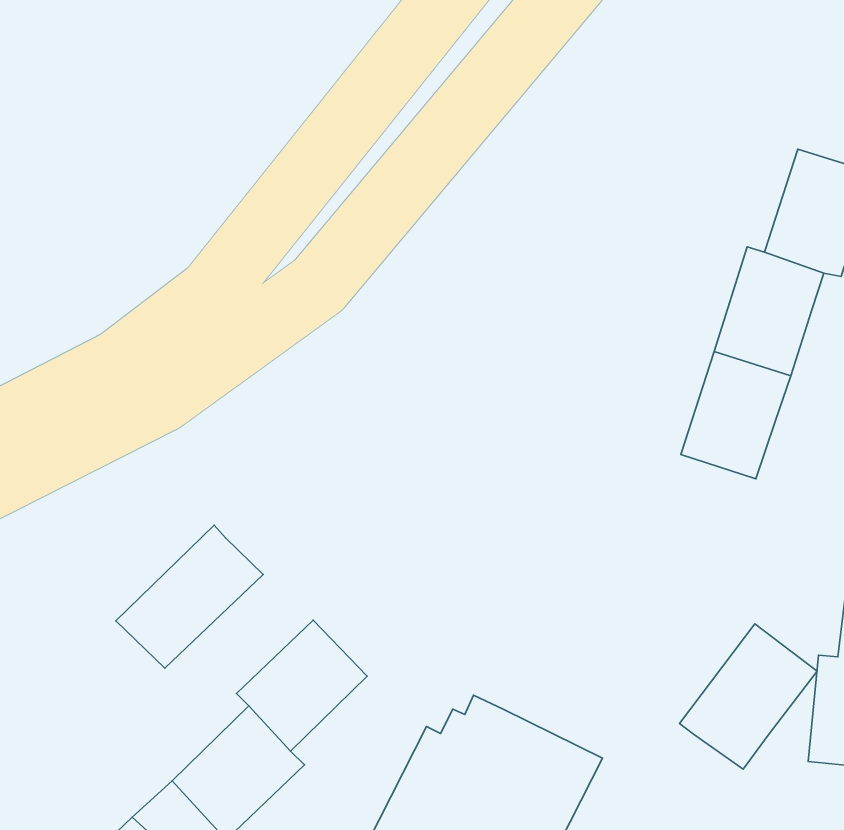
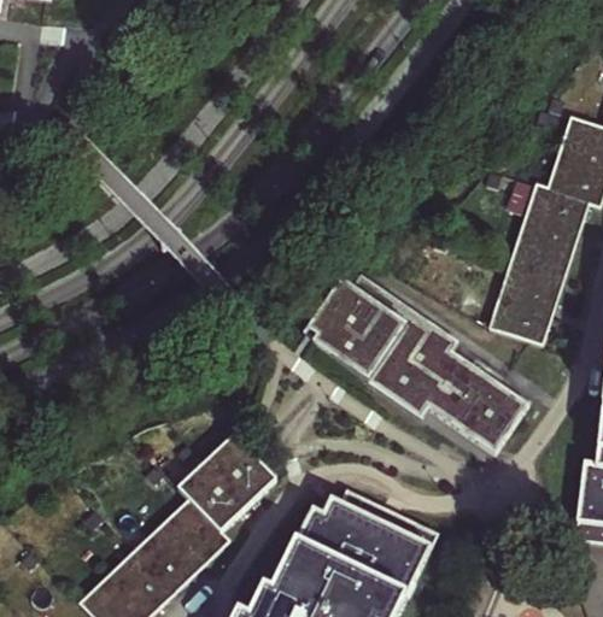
building: none -> [308,265,528,456]
building: [116,525,263,668] -> none
building: [680,624,817,769] -> none

